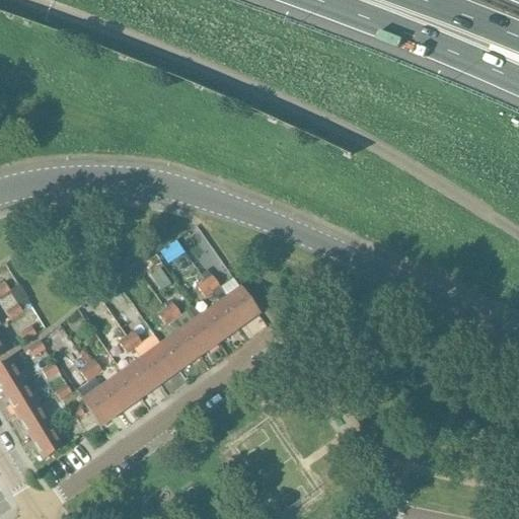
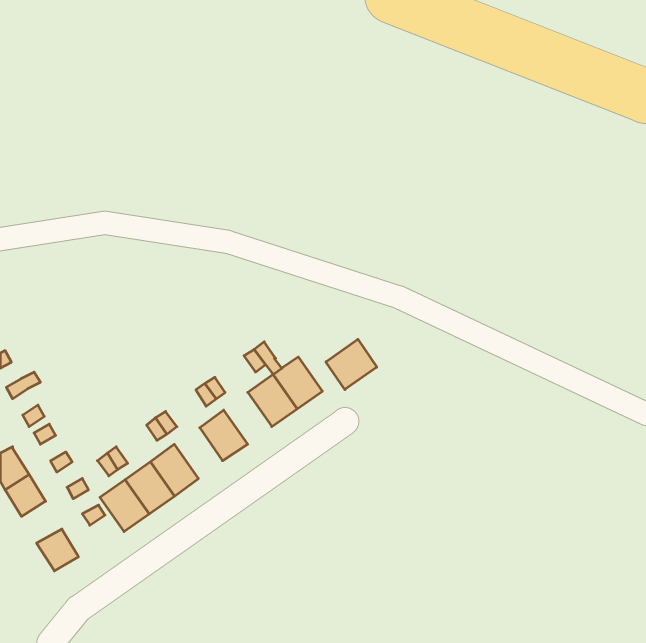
building: none -> [326,339,377,390]
building: [179,314,218,356] -> none
building: [140,343,178,383] -> none
building: [17,401,50,435] -> none

